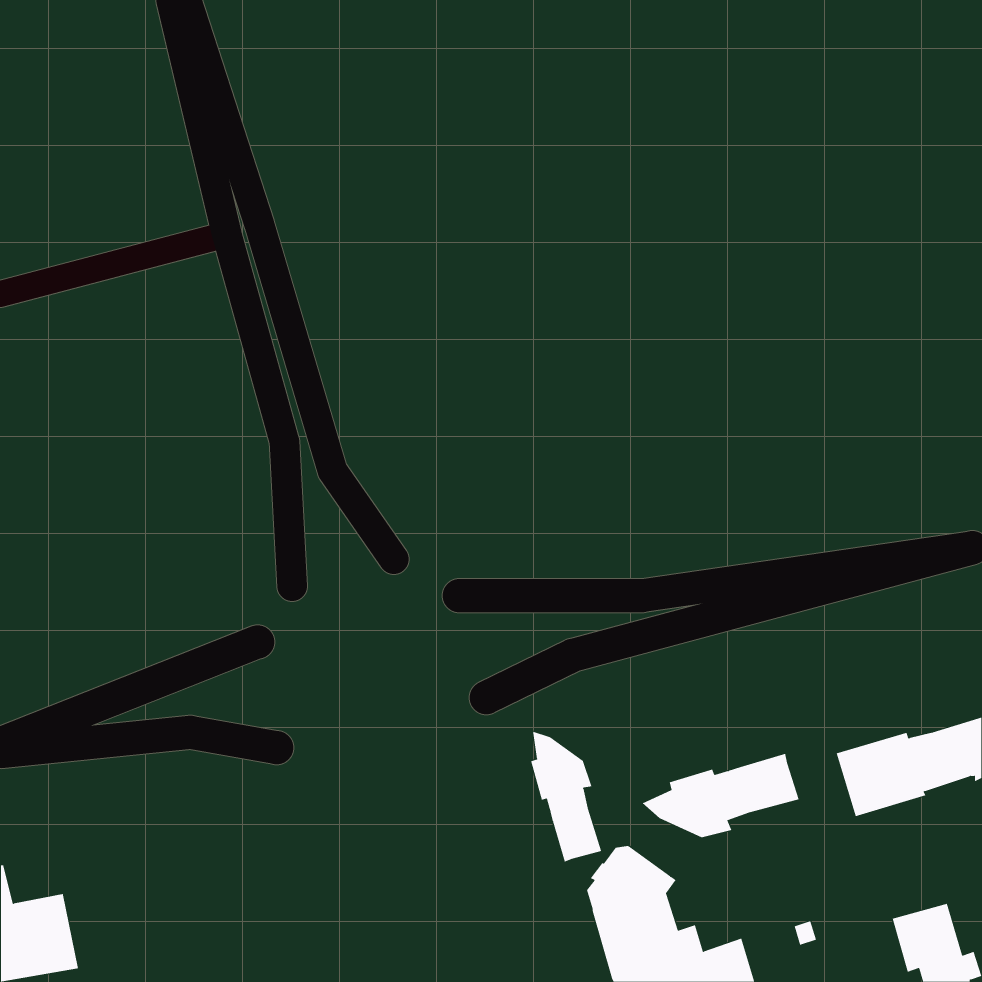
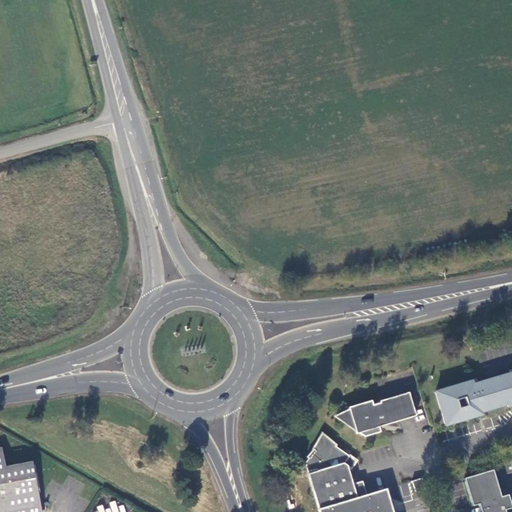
building: [531,731,602,862] -> none

